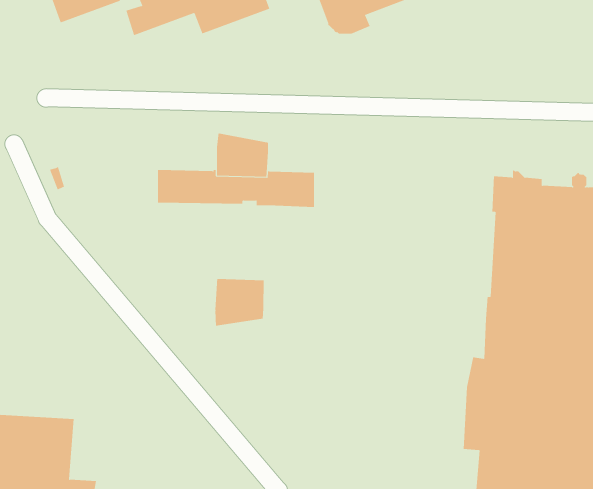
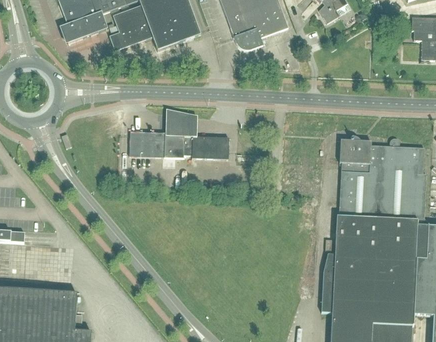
building: [215,278,264,326] -> none

